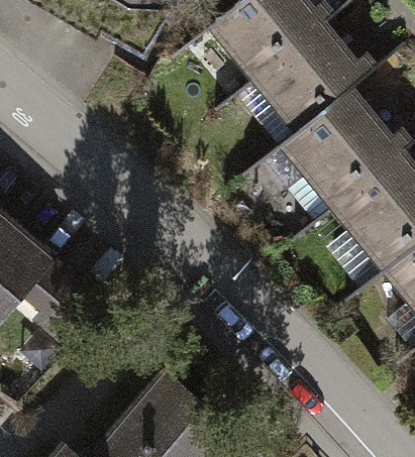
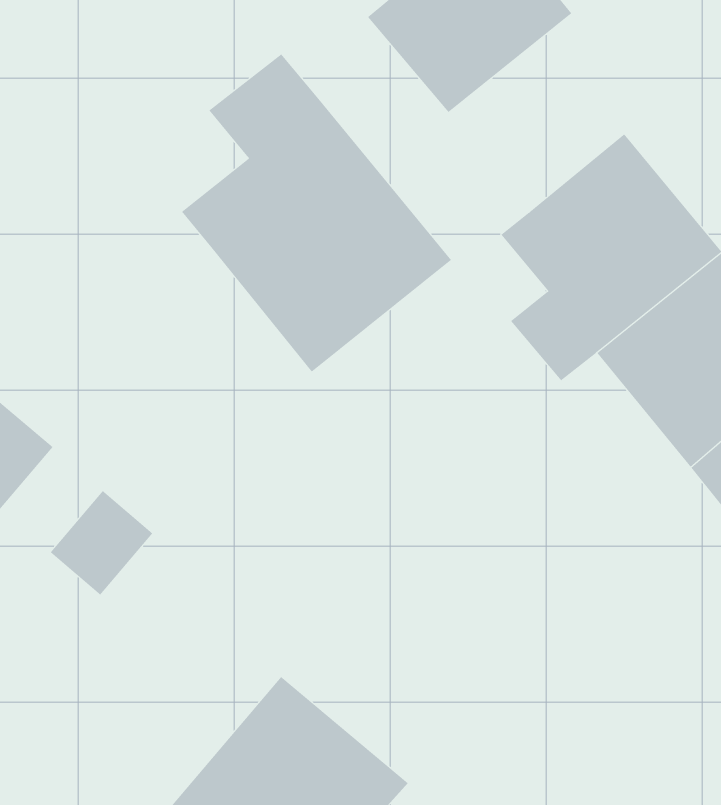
building: [255,22,366,129] -> none
building: none -> [181,53,452,373]

